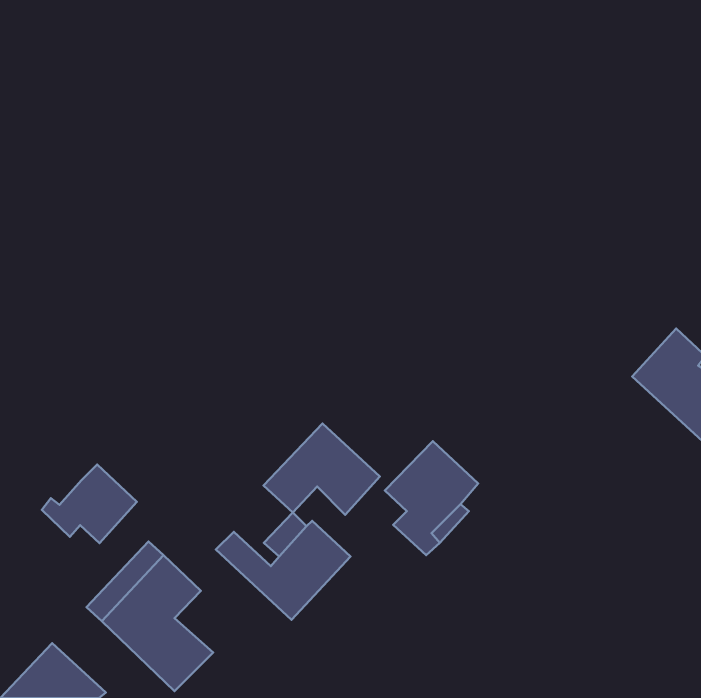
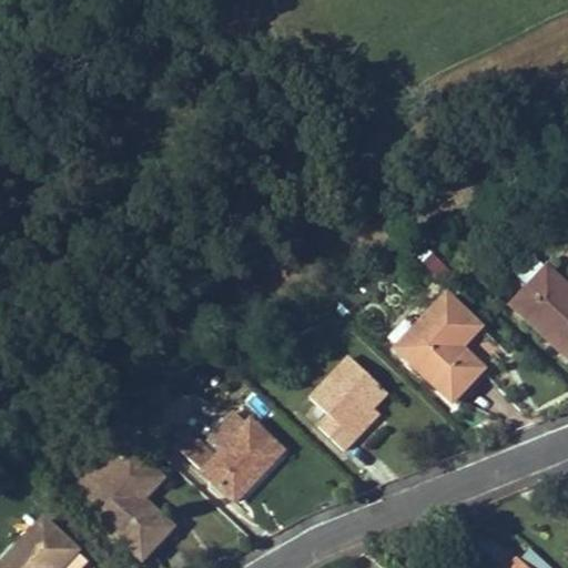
building: none -> [397,294,505,399]
building: [264,423,380,515] -> none
building: [42,465,137,543] -> none

